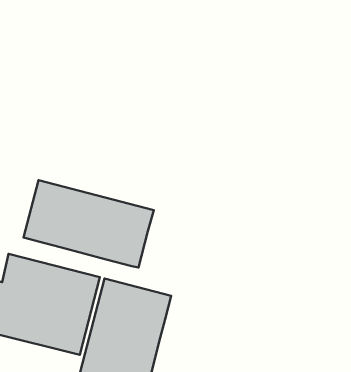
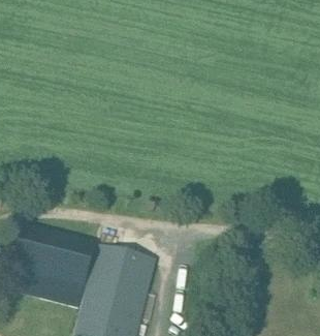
building: [24,180,154,267] -> none

